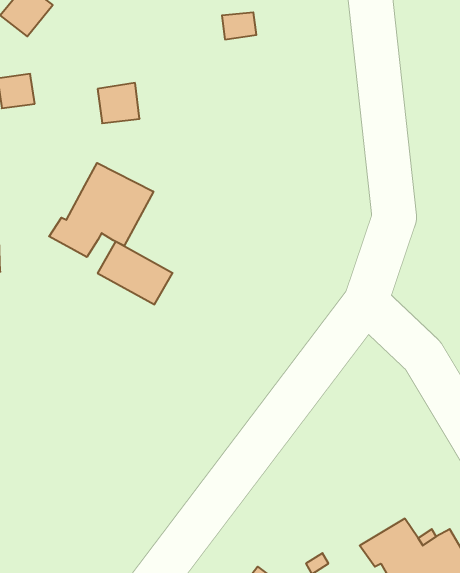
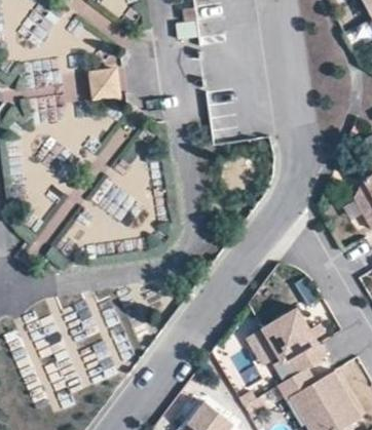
building: [49,163,153,257] -> none
building: none -> [261,308,326,375]

